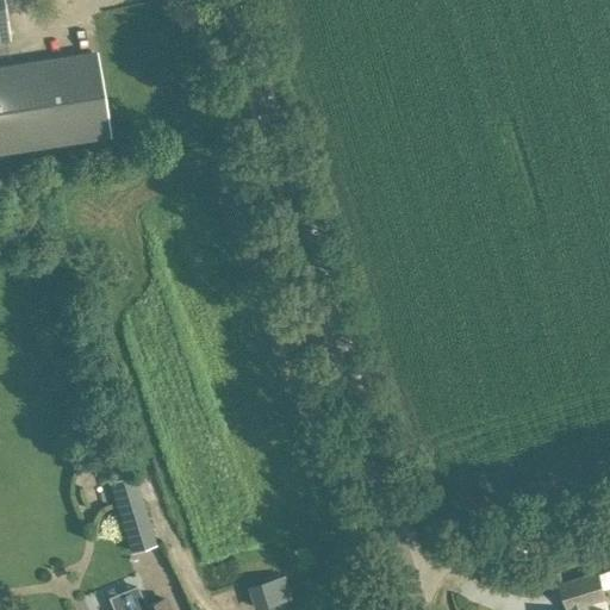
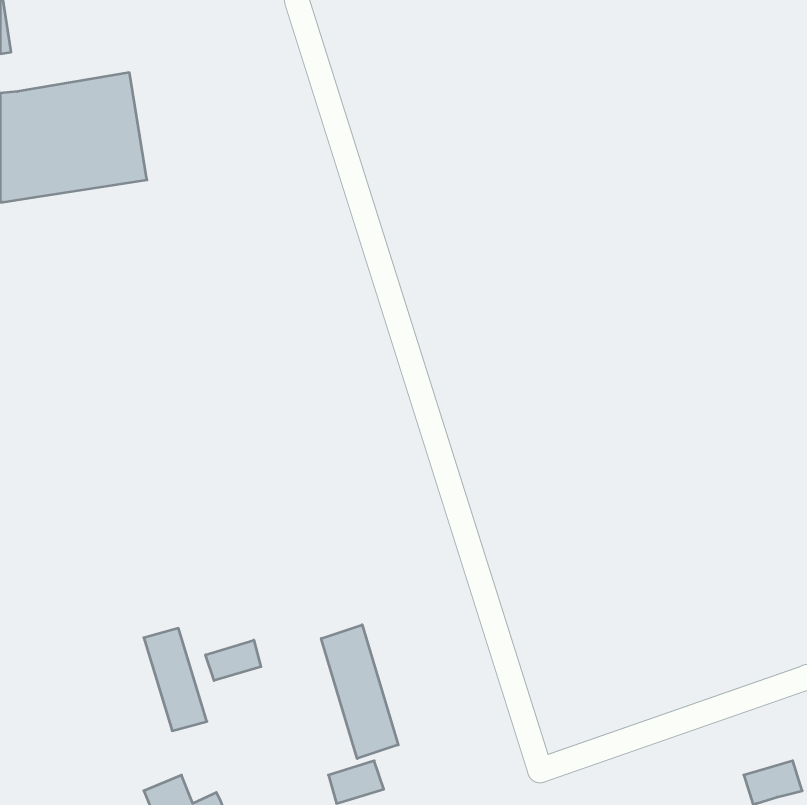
building: none -> [321,625,398,759]
building: none -> [206,640,261,681]

